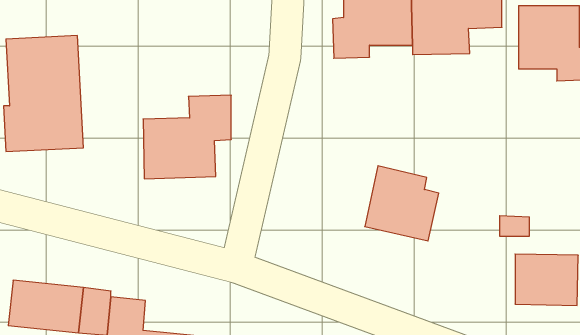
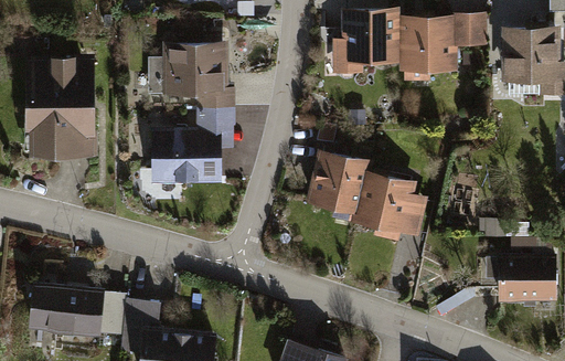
building: none -> [149,41,236,110]
building: none -> [306,151,375,231]

